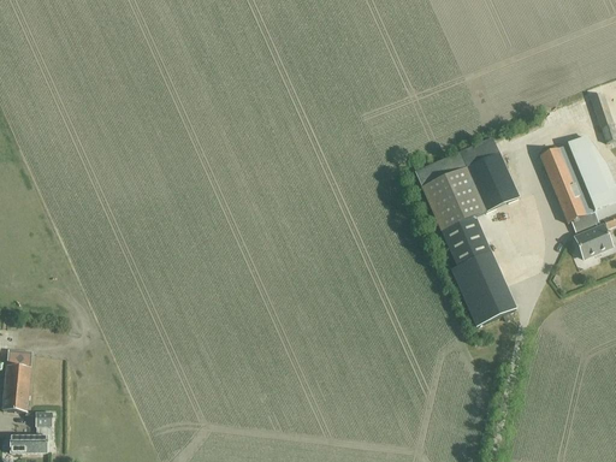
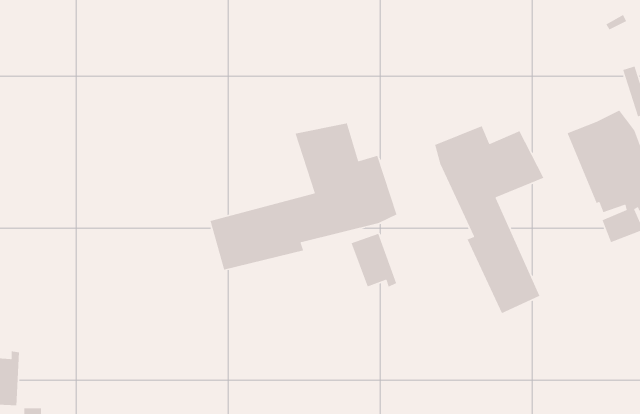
building: none -> [209,123,398,271]
building: none -> [351,233,397,288]

